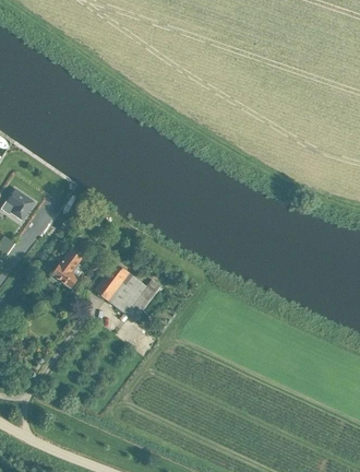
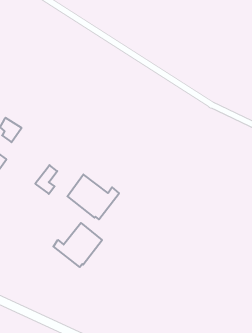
building: none -> [53,223,102,267]

